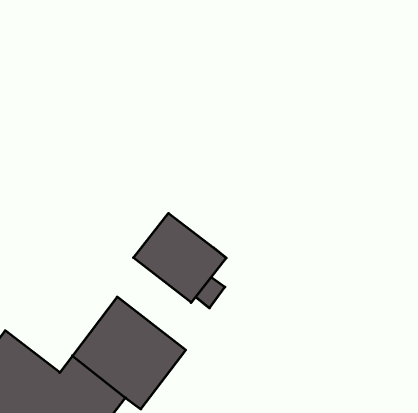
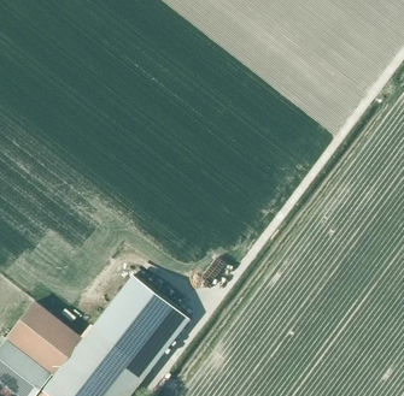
building: [133,213,226,303] -> none

